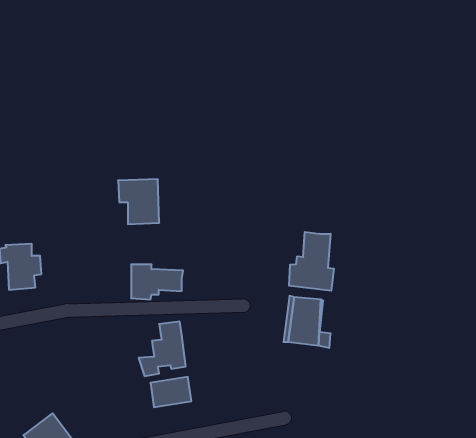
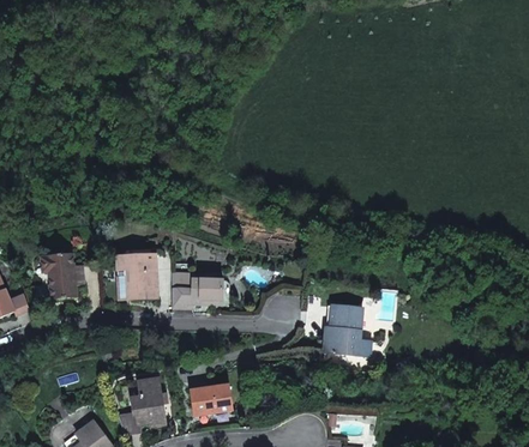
building: [118,179,159,224] -> [116,255,157,300]
building: [289,232,334,291] -> none
building: [139,322,186,376] -> [118,379,164,433]

